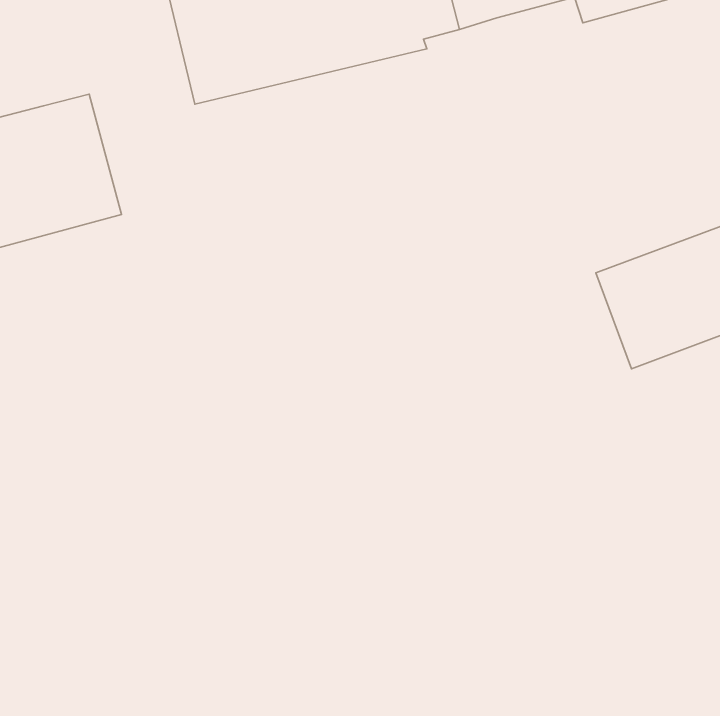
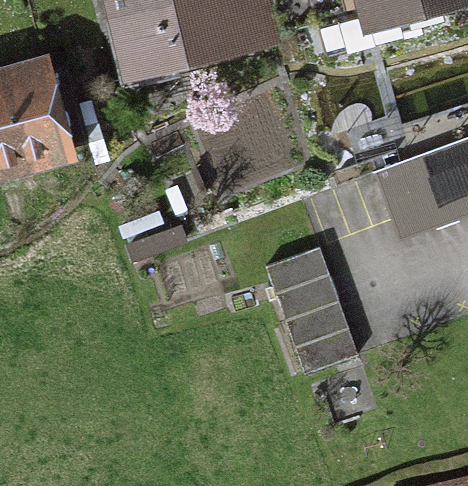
building: none -> [265,246,357,373]

